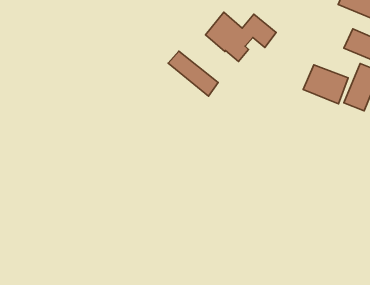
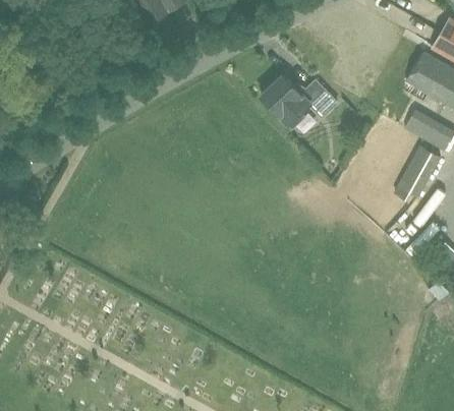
building: [168,51,218,96] -> none
building: [303,65,348,104] -> none

